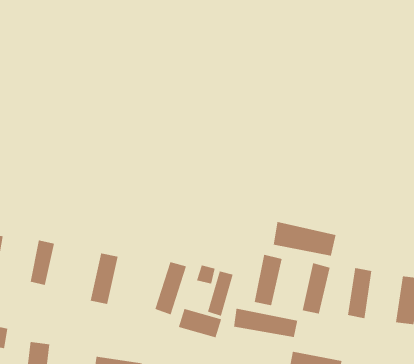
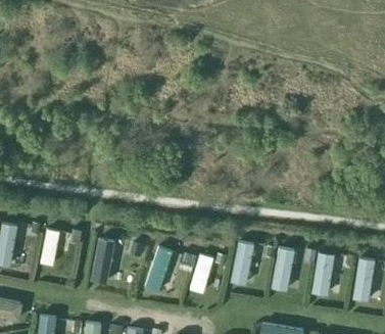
building: [273,221,336,257] -> none
building: [234,308,298,338] -> none
building: [178,308,222,338] -> none

